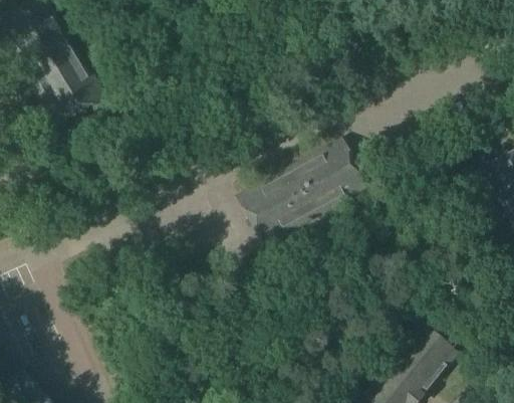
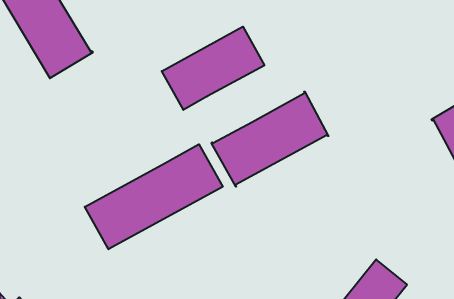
building: none -> [162,27,264,110]
building: none -> [85,144,223,249]

